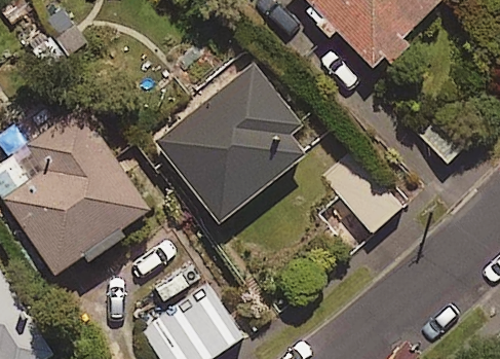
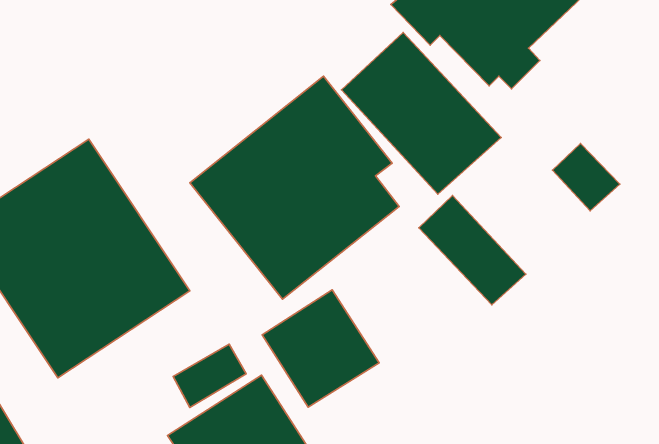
building: none -> [341,32,501,194]
building: none -> [262,290,379,407]

